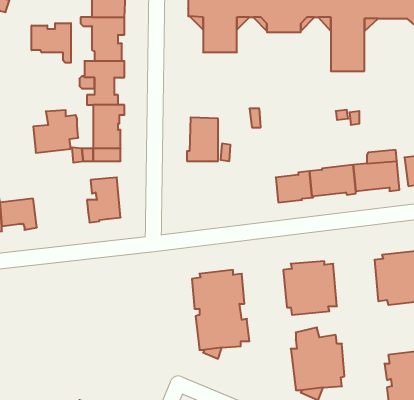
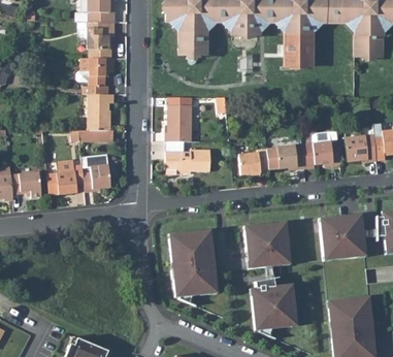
building: [32,23,71,63] -> none
building: [33,110,78,153] -> [46,160,84,195]
building: none -> [165,140,209,173]

